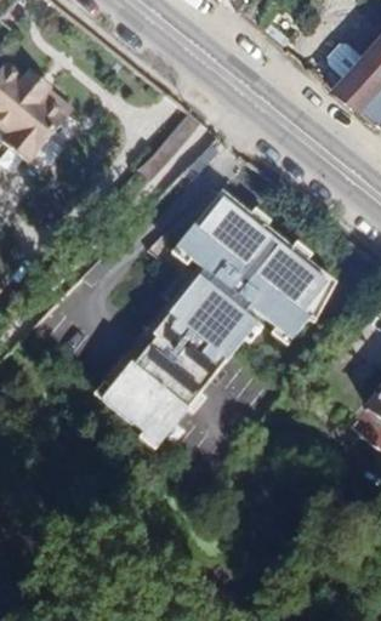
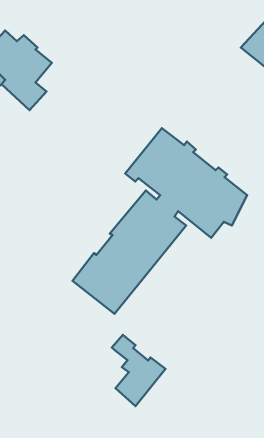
building: none -> [112,335,165,406]

